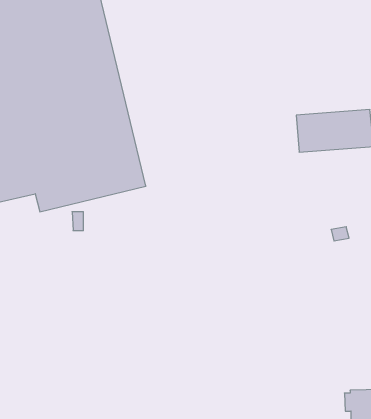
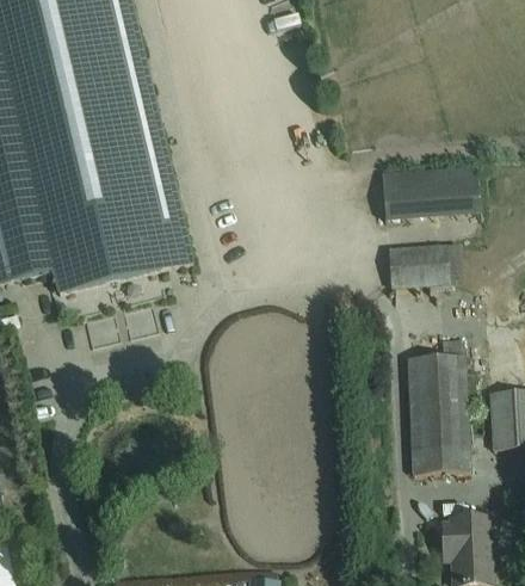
building: none -> [385,243,461,288]
building: none -> [406,340,469,475]

